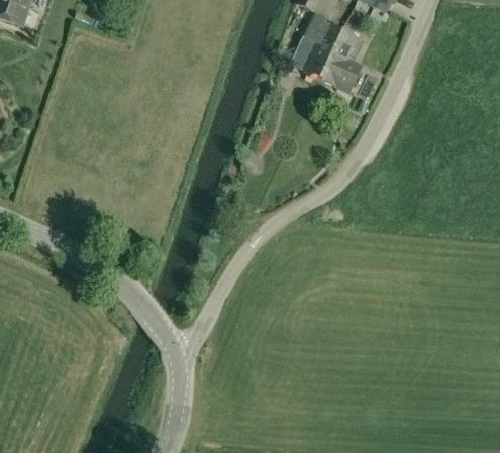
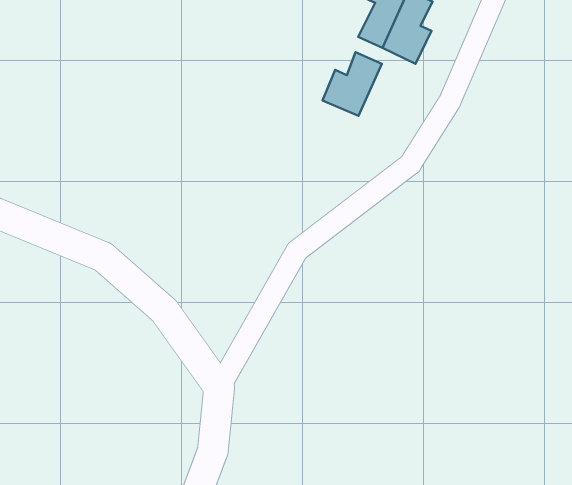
building: none -> [323,52,382,116]

